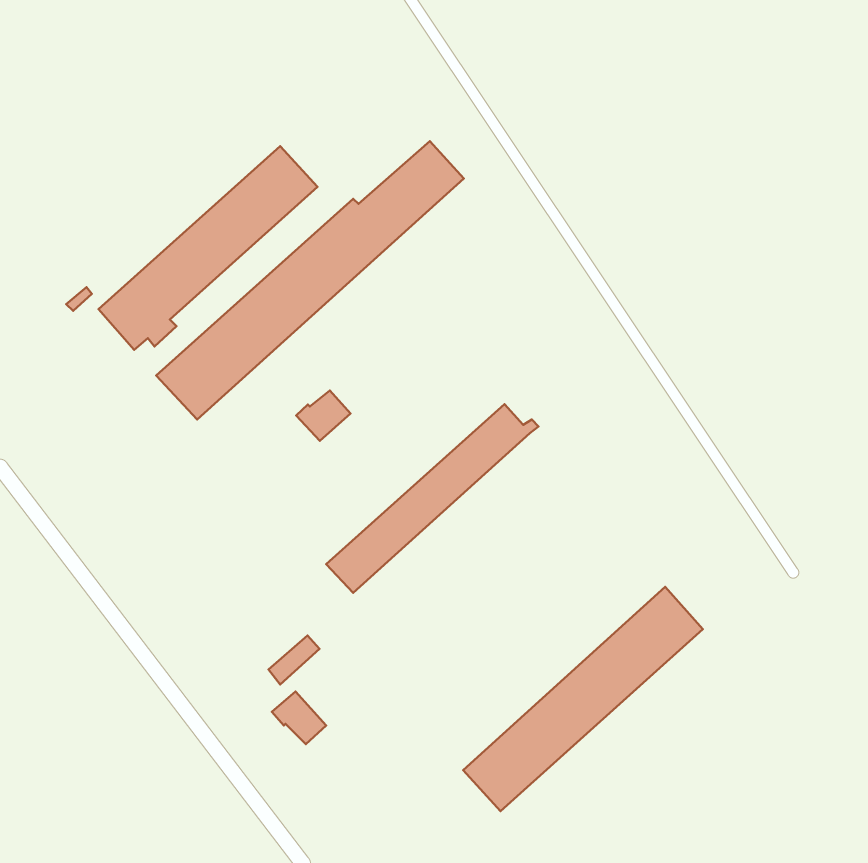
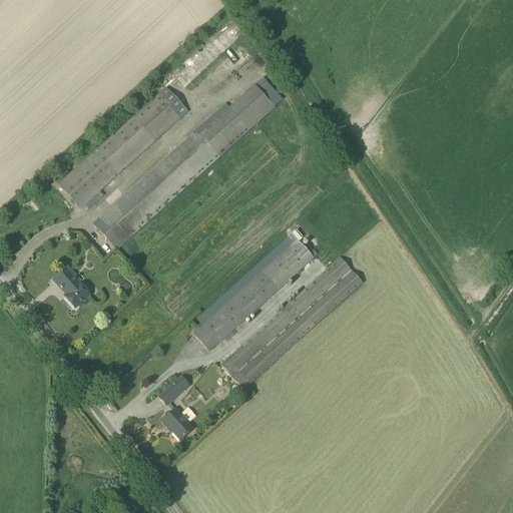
building: [296,391,350,441] -> none
building: none -> [53,265,90,307]
building: [463,587,703,811] -> [220,255,362,388]

